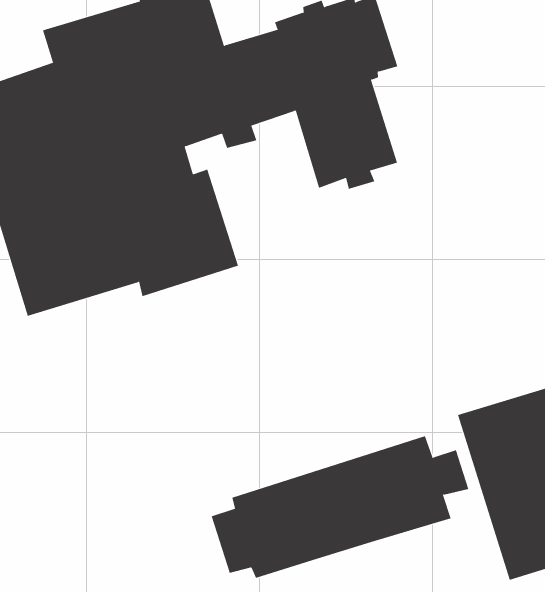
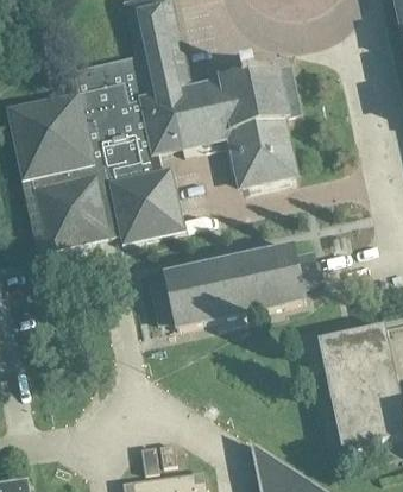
building: [211,436,469,579] -> [150,246,317,328]

